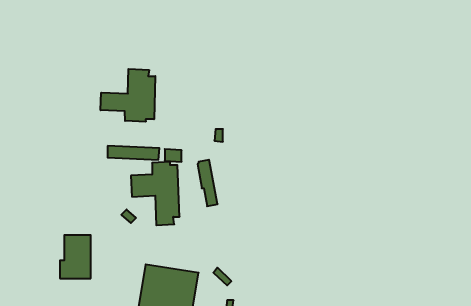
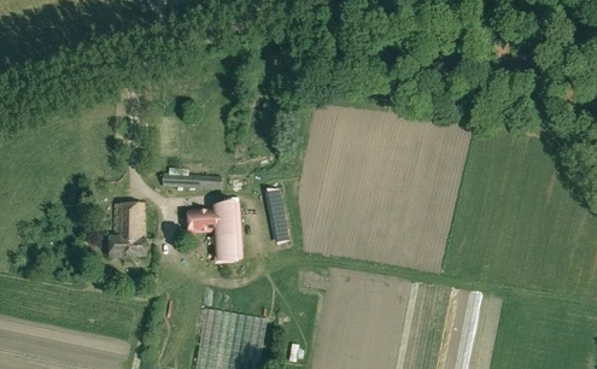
building: [101,69,155,122] -> none
building: [60,235,91,278] -> [110,205,145,254]

